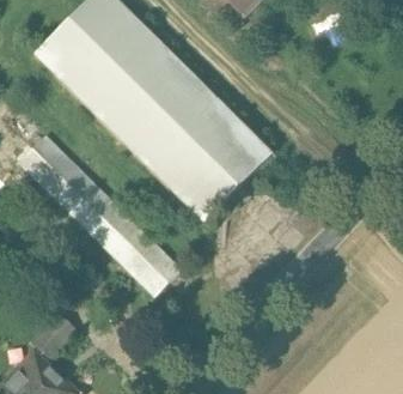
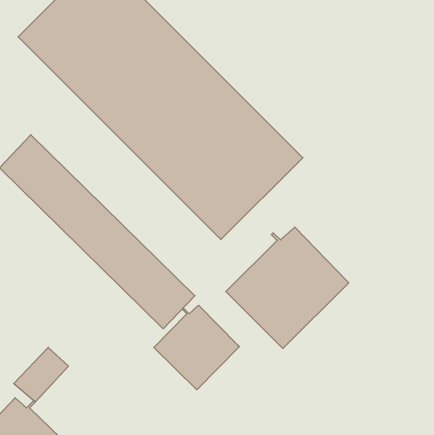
building: none -> [226,227,349,349]
building: none -> [154,305,239,390]

